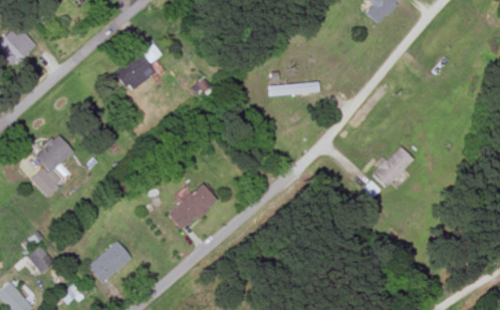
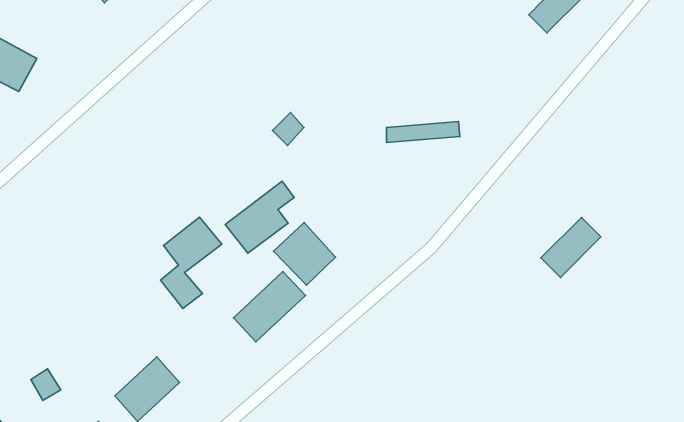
building: [113,44,160,92] -> [225,181,294,253]
building: [31,134,72,196] -> [160,217,222,309]
building: none -> [274,223,335,285]

